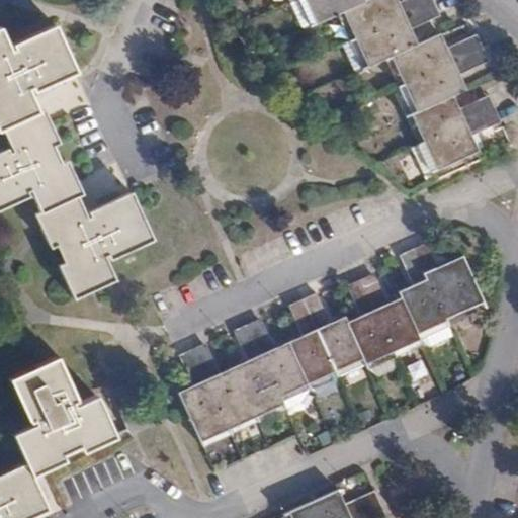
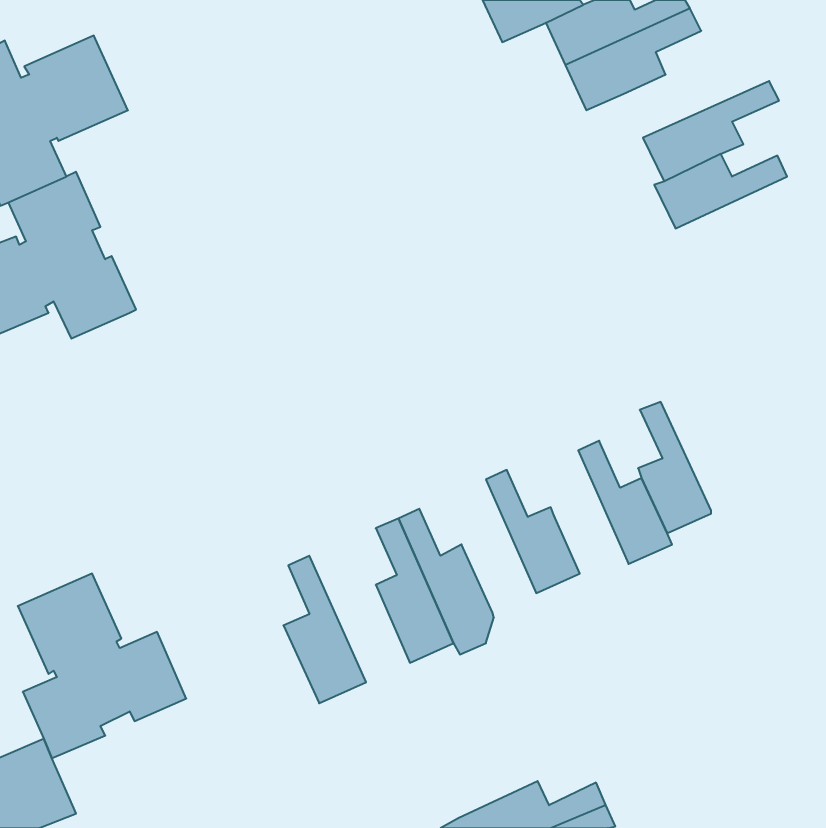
building: [390,35,481,86] -> none
building: [414,110,498,173] -> none
building: [39,192,155,298] -> none
building: [413,244,482,319] -> none
building: [346,281,393,375] -> none
building: [288,299,335,382] -> none
building: [193,342,256,426] -> none

